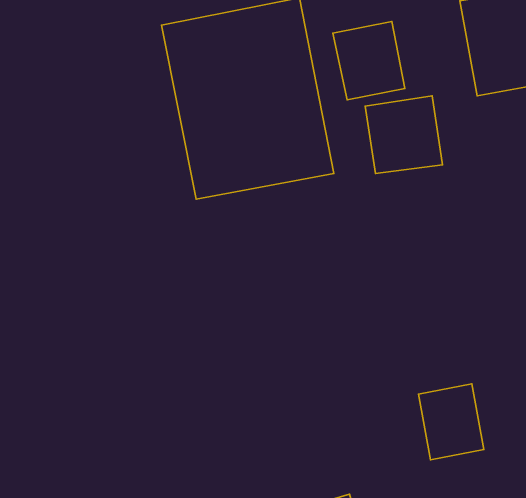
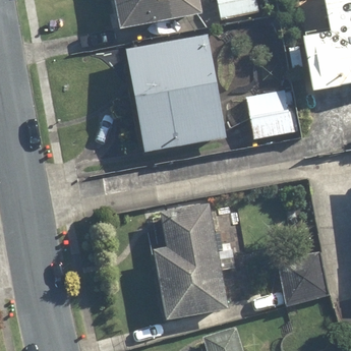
building: [333,21,405,100] -> none
building: none -> [154,202,230,320]

